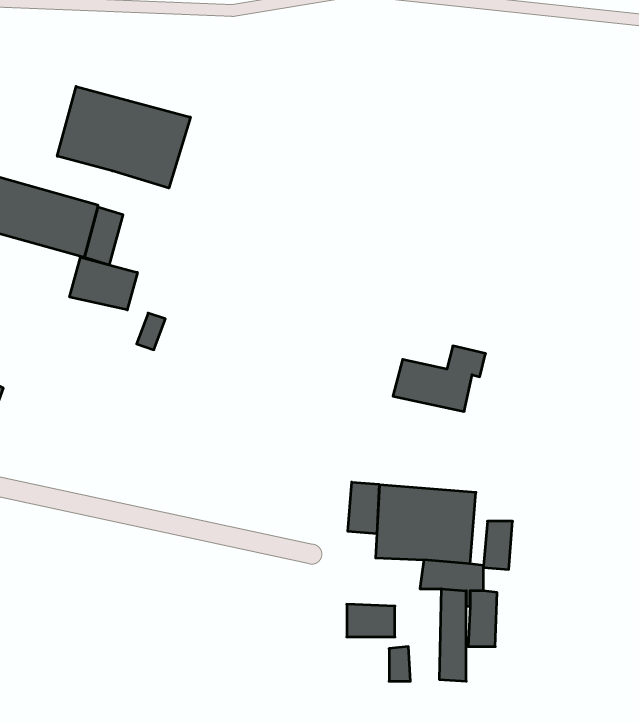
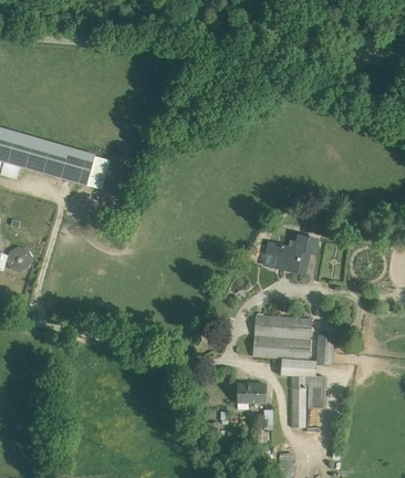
building: [57,86,190,188] -> none
building: [70,257,137,310] -> none
building: [348,482,379,534] -> none

